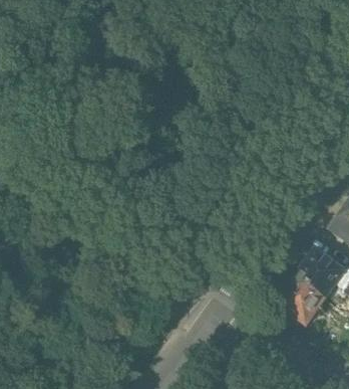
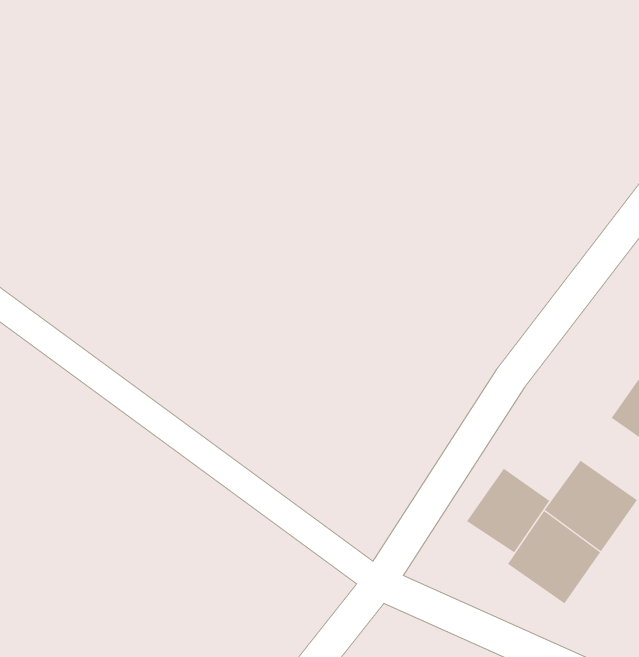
building: none -> [466,468,550,553]

